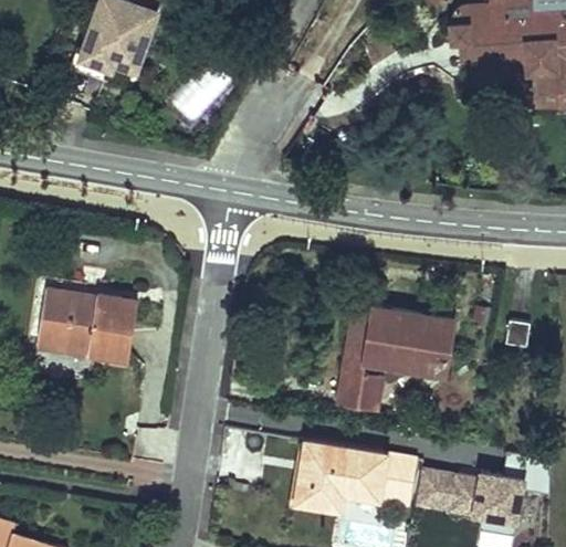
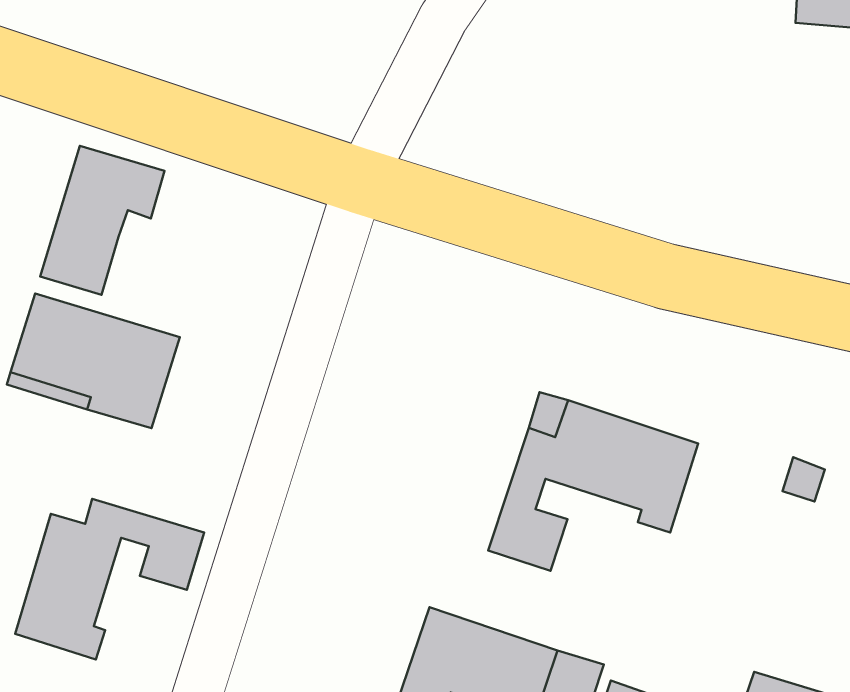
building: none -> [40,146,165,295]
building: none -> [15,499,204,660]

